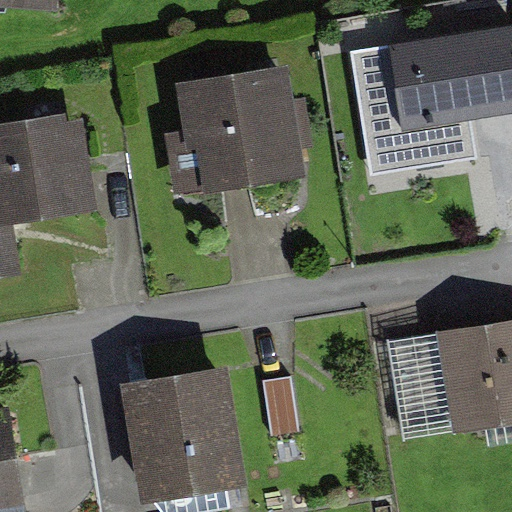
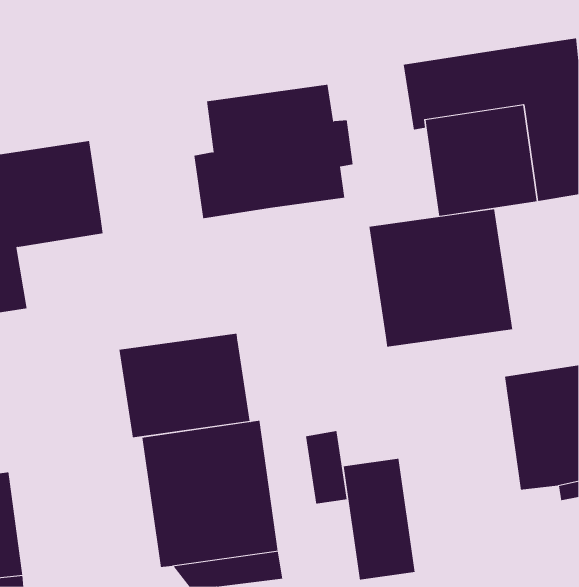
building: none -> [369,208,513,348]
building: none -> [119,333,250,438]
building: [389,327,452,433] -> [343,458,415,580]

